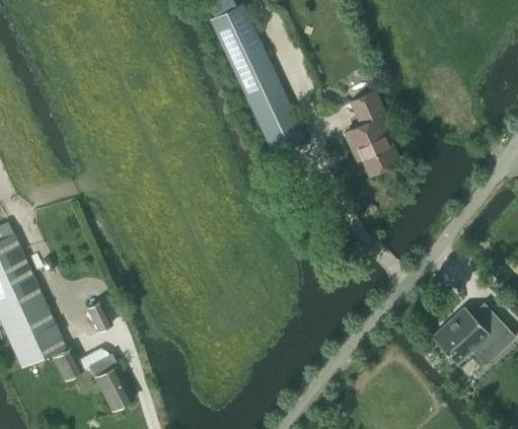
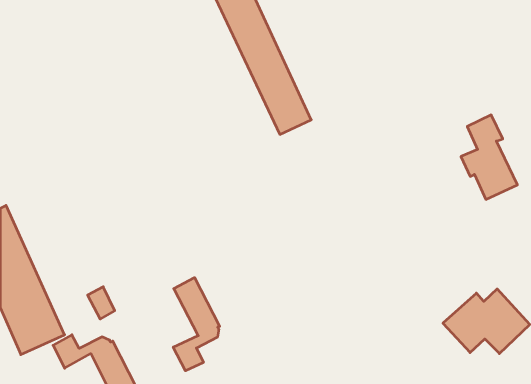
building: [345,91,399,173] -> [461,115,517,199]
building: none -> [173,278,220,371]

